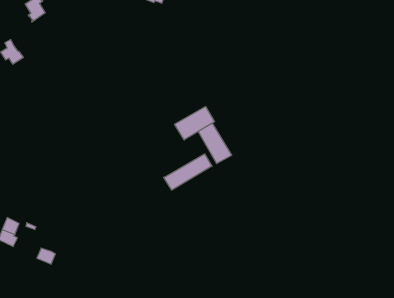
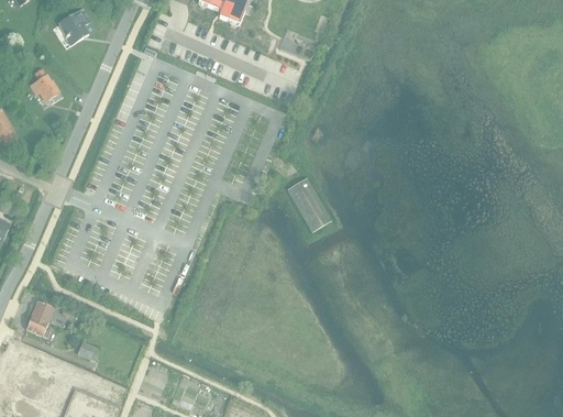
building: [175,107,215,140] -> none
building: [164,154,212,190] -> none

